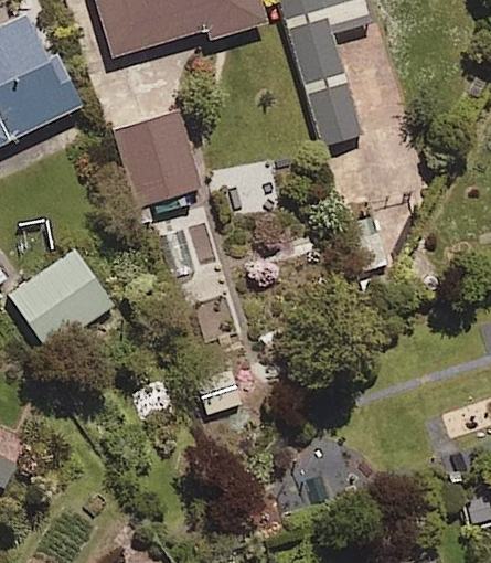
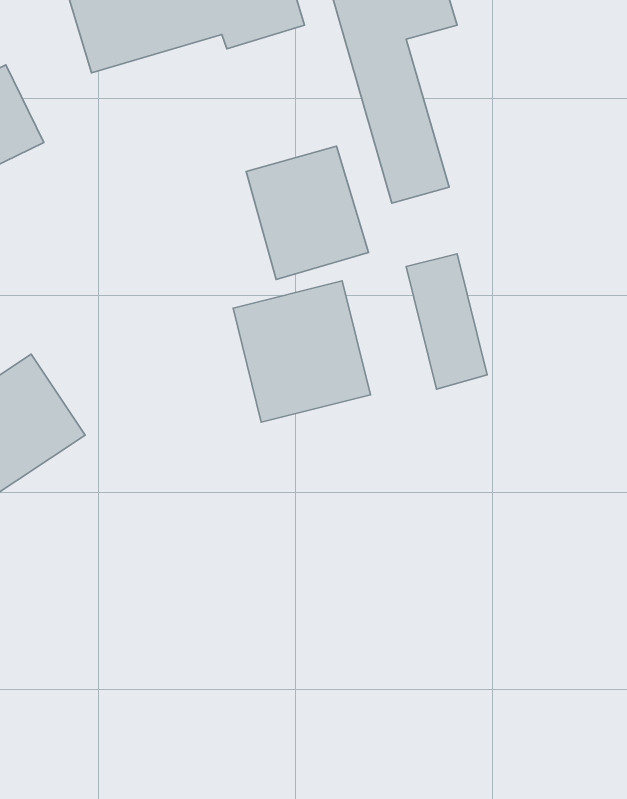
building: [116,114,201,206] -> [246,146,368,280]
building: none -> [233,281,370,422]

